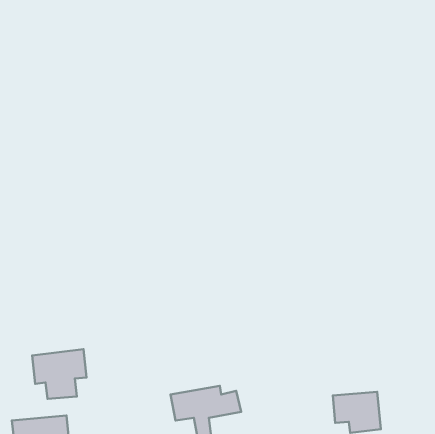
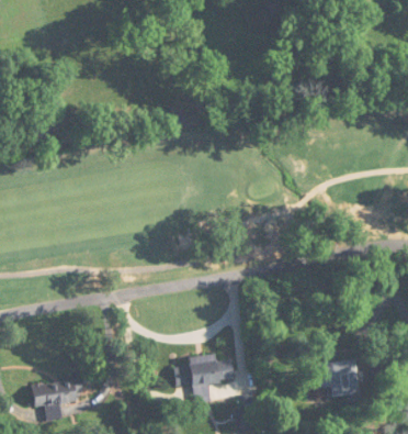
building: [32,349,86,399] -> none

